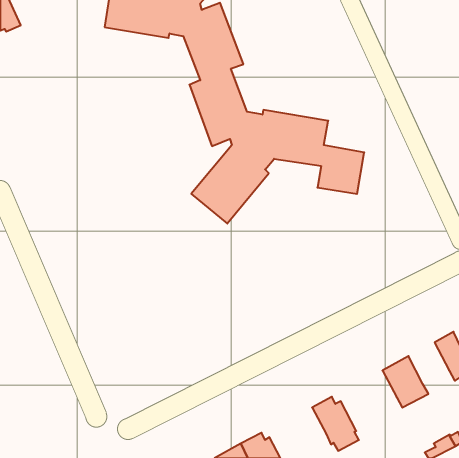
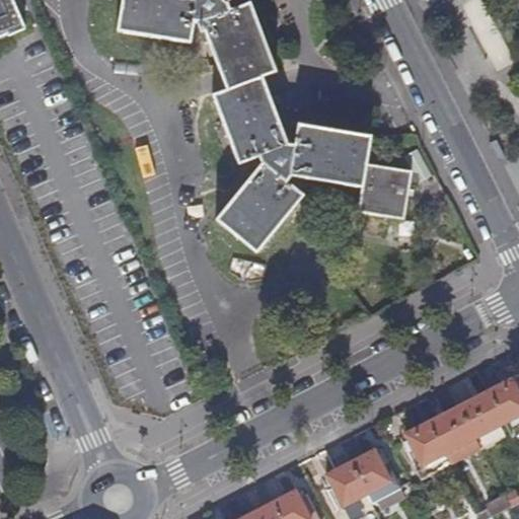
building: none -> [461,385,513,443]
building: none -> [405,417,448,463]
building: none -> [327,458,369,503]

